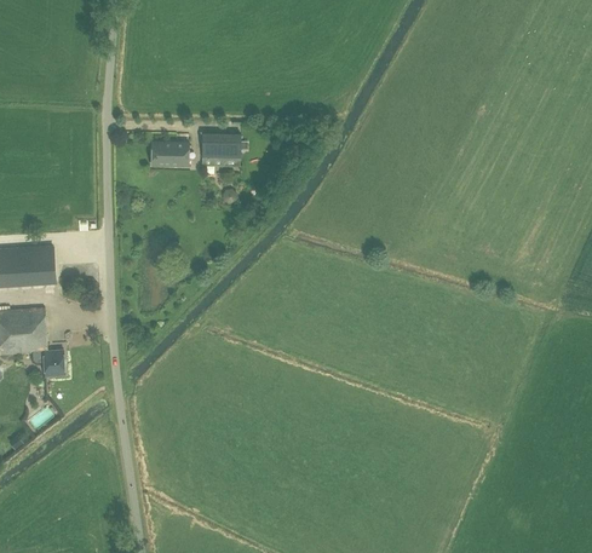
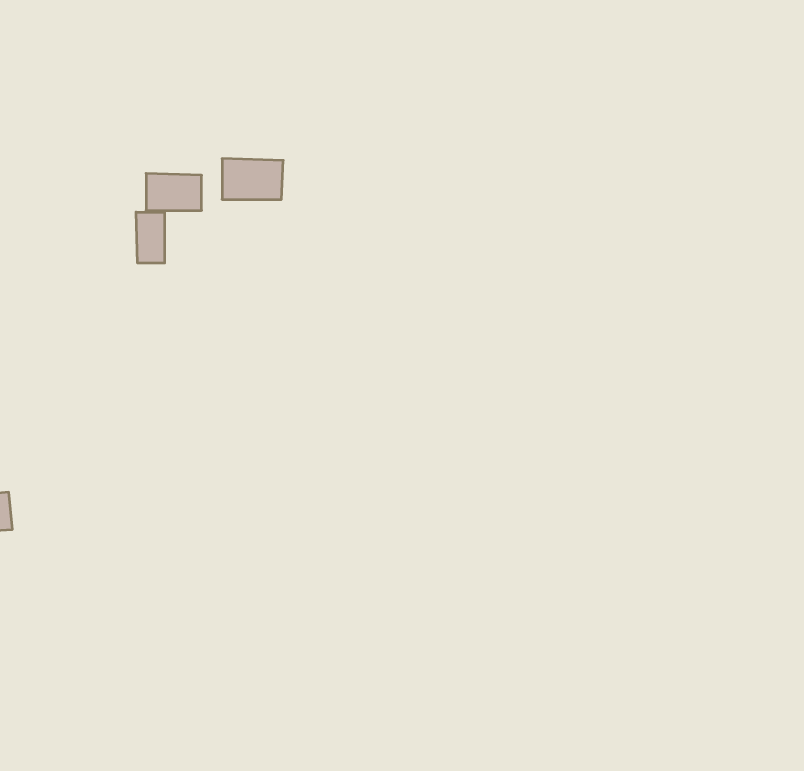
building: none -> [136,212,165,263]

